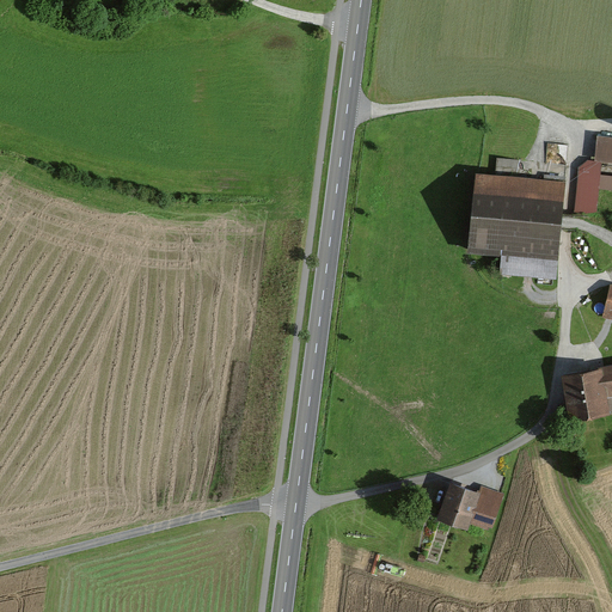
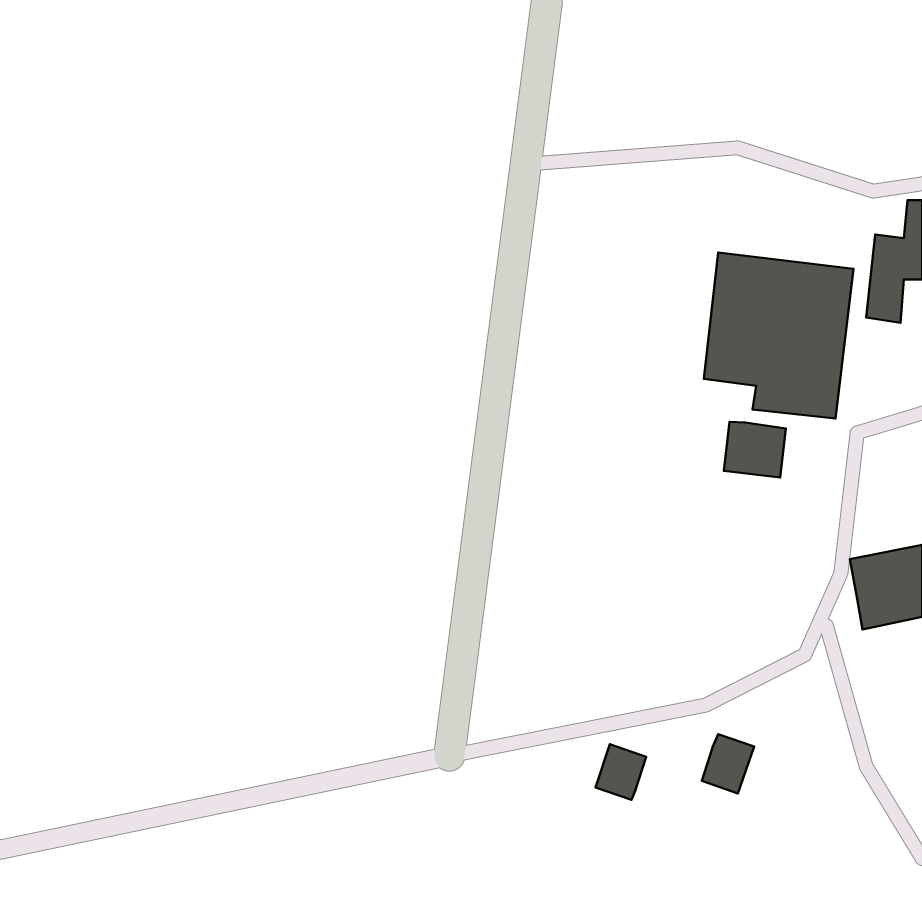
building: none -> [724,422,786,478]
building: [439,489,472,526] -> [596,744,646,800]

